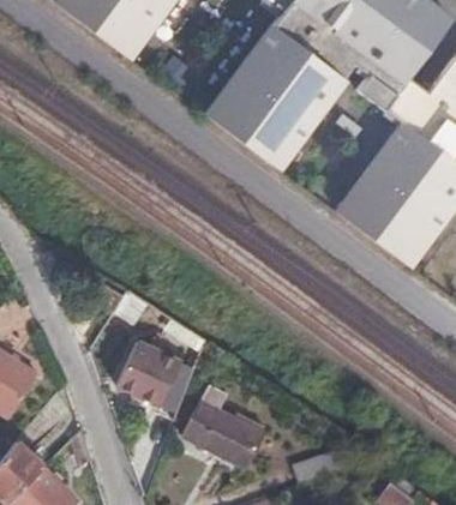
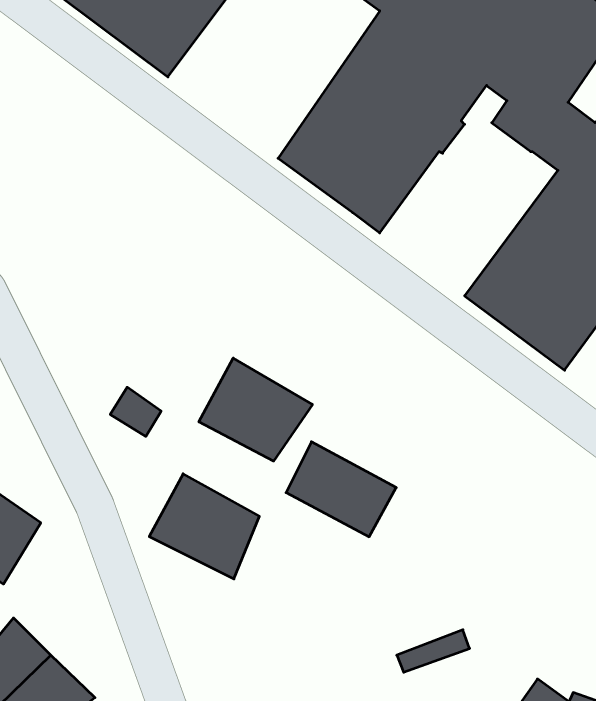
building: none -> [199,358,312,461]
building: [185,399,263,467] -> [286,442,396,537]

